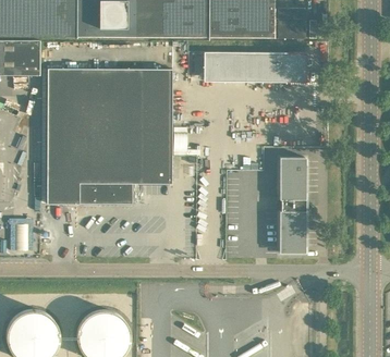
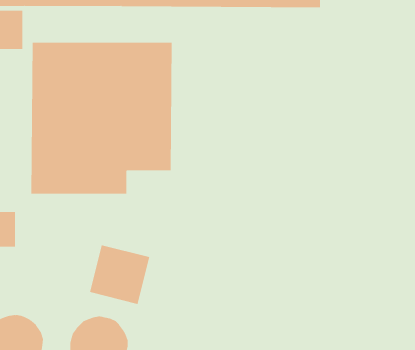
building: [203,51,304,82] -> none
building: [279,157,306,253] -> none
building: none -> [89,245,150,305]

